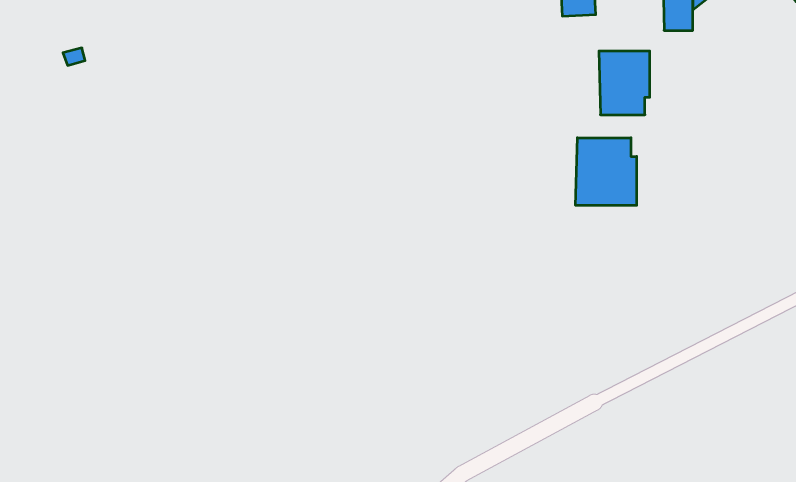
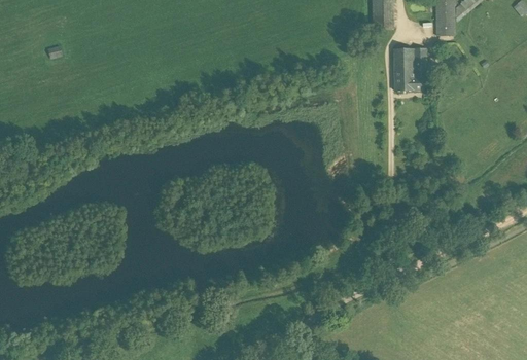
building: [576,138,637,205] -> none

